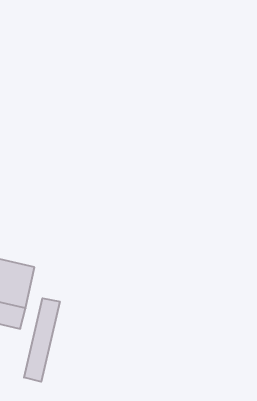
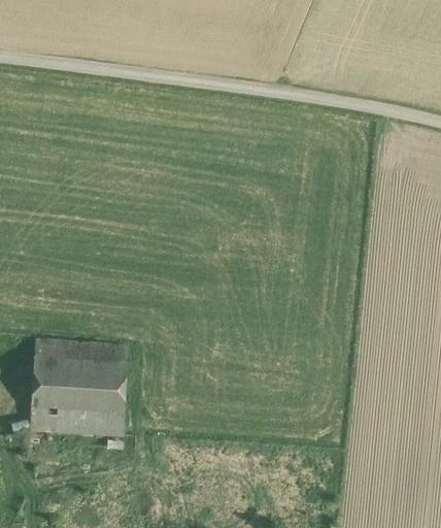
building: [24,298,60,382] -> none

